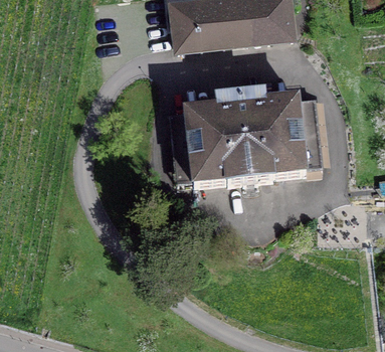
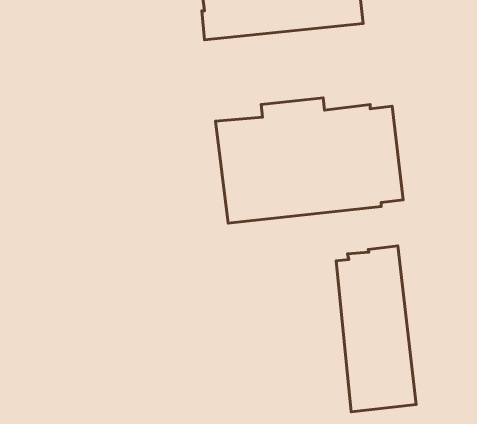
building: none -> [336,246,416,412]

